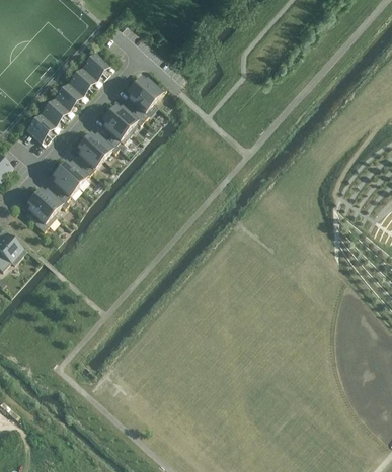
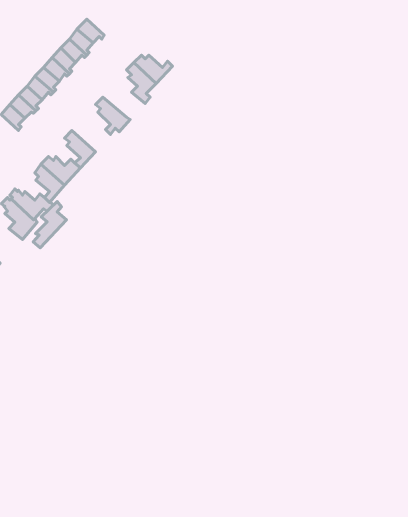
building: [107,108,142,131] -> none
building: [81,134,116,160] -> none
building: none -> [33,202,67,248]

